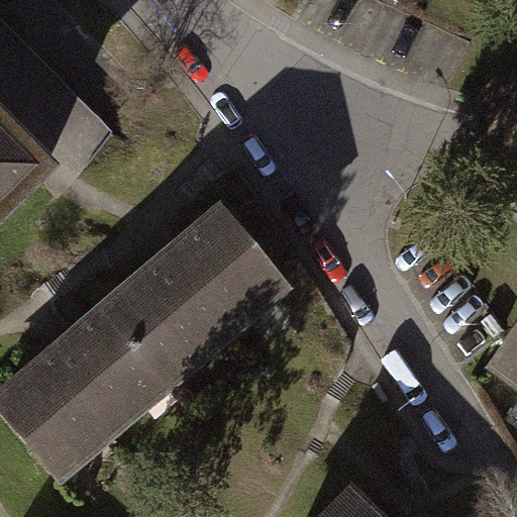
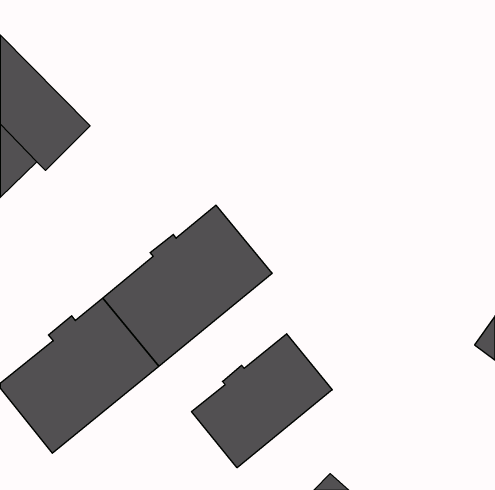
building: none -> [192,334,332,468]

